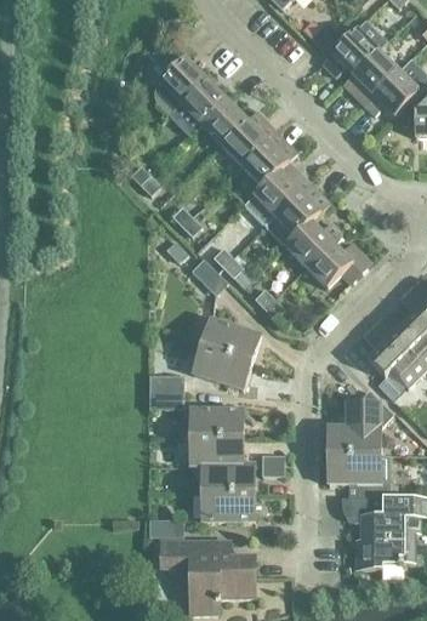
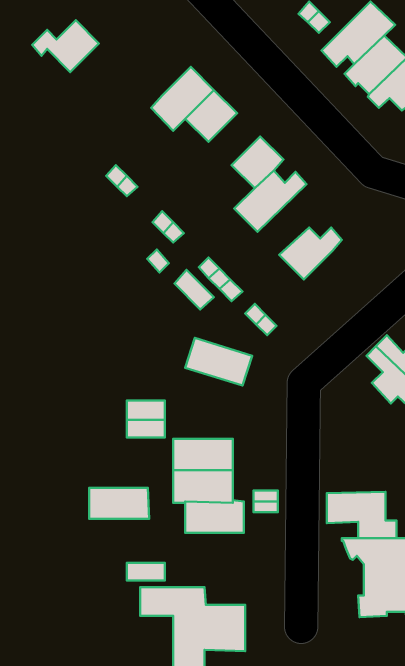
building: [147,57,206,103] -> [32,20,99,72]
building: [222,110,277,165] -> none
building: [266,182,330,245] -> none
building: [307,241,371,287] -> none
building: [193,346,252,388] -> none
building: [328,391,392,457] -> none
building: [201,492,255,520] -> [89,488,149,519]

